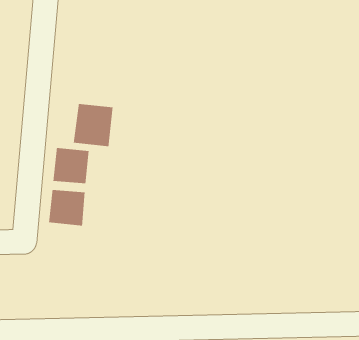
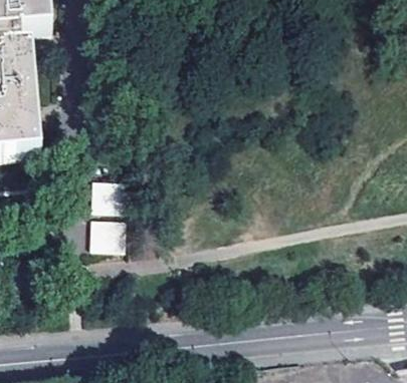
building: [73,103,114,147] -> none

